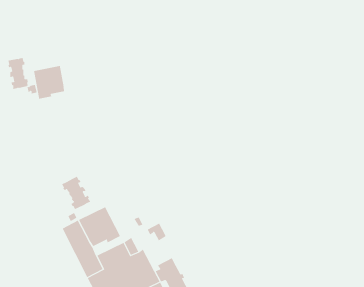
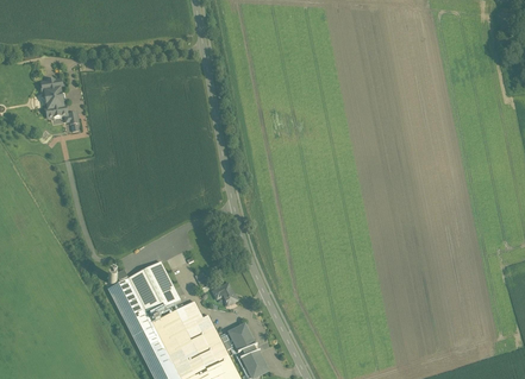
building: [34,65,65,99] -> none
building: [62,176,91,210] -> none

